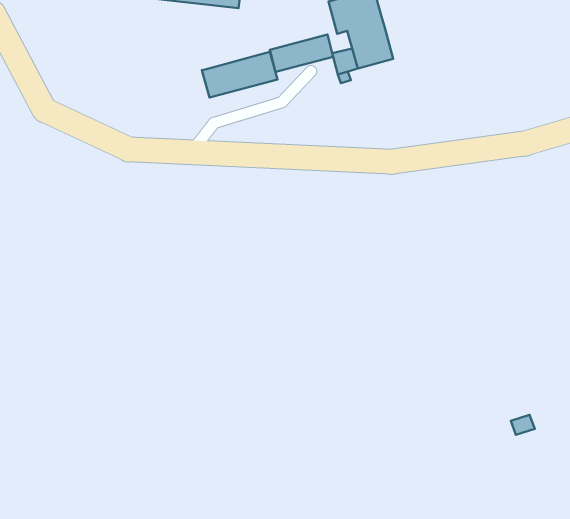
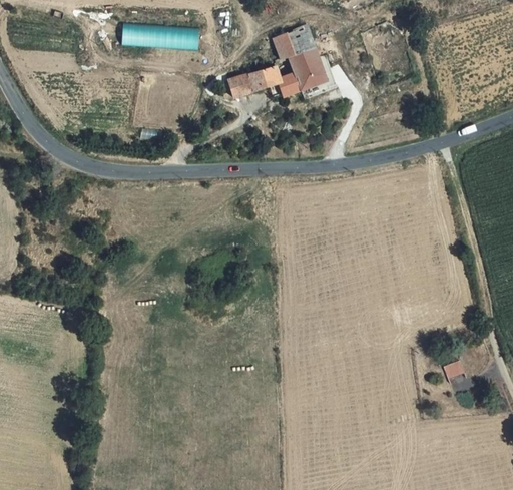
building: [202,52,278,98] -> none

